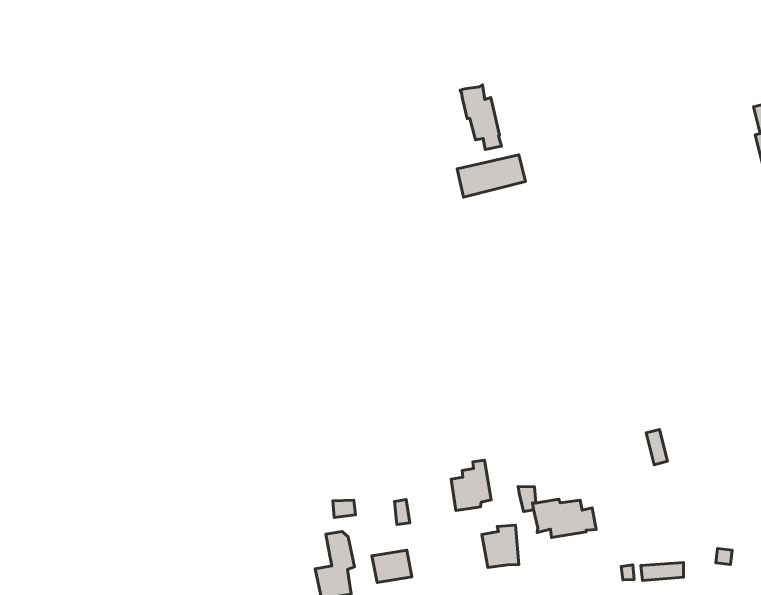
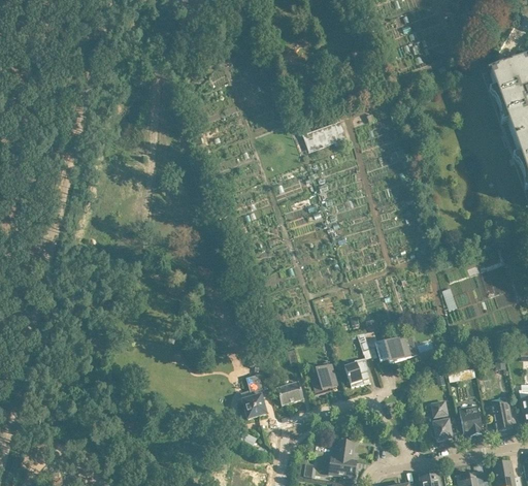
building: [460,85,502,149] -> none
building: [451,460,491,510] -> [310,360,337,394]

